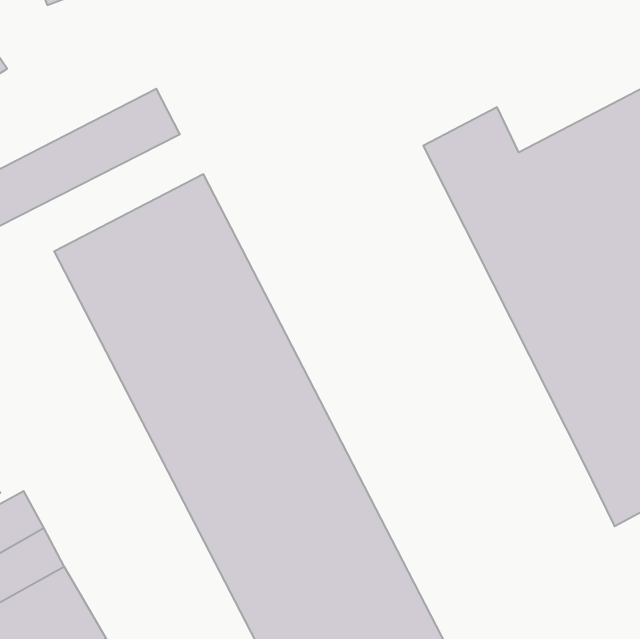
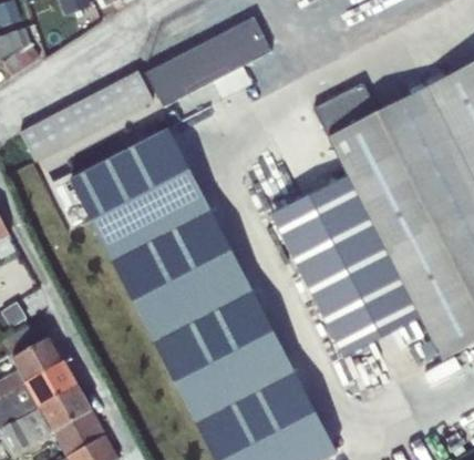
building: none -> [145,18,270,106]
building: none -> [270,175,420,357]

